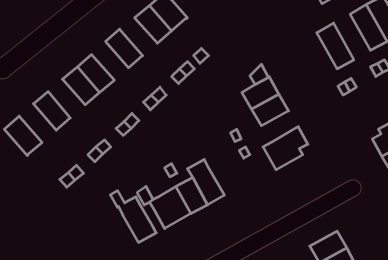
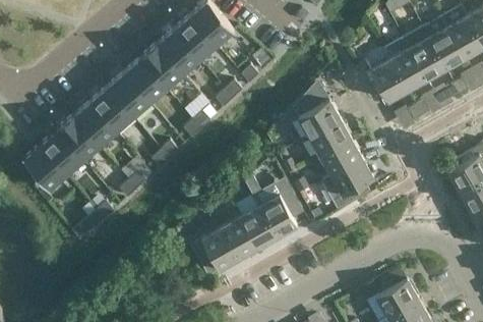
building: none -> [403,28,445,81]
building: none -> [156,32,199,75]
building: none -> [123,59,166,104]
building: none -> [369,60,407,102]
building: none -> [73,103,116,148]
building: none -> [40,131,82,176]
building: none -> [319,140,362,176]
building: [110,191,156,242] -> [244,177,297,237]

